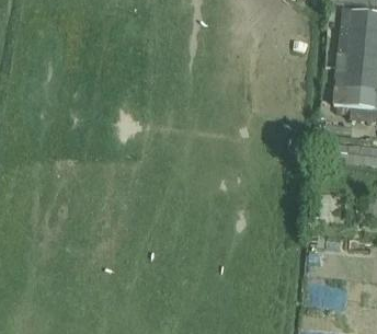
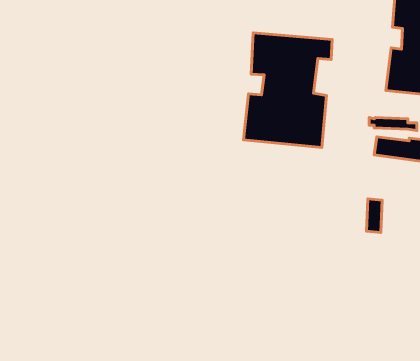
building: none -> [243,33,332,148]

